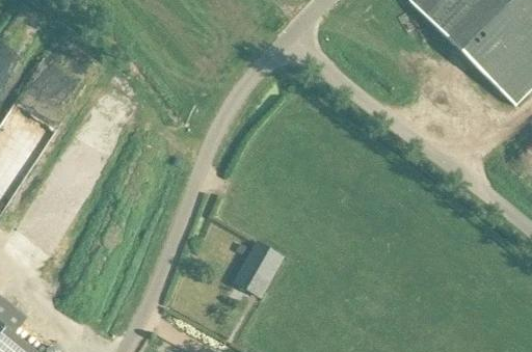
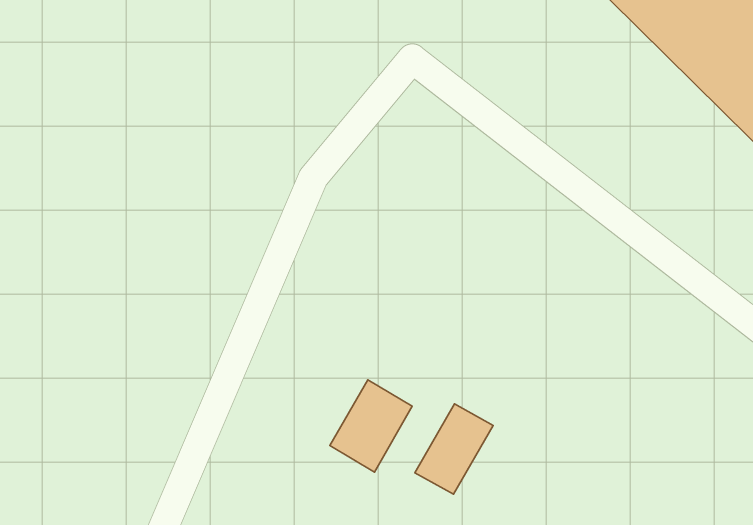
building: none -> [415,404,493,494]

